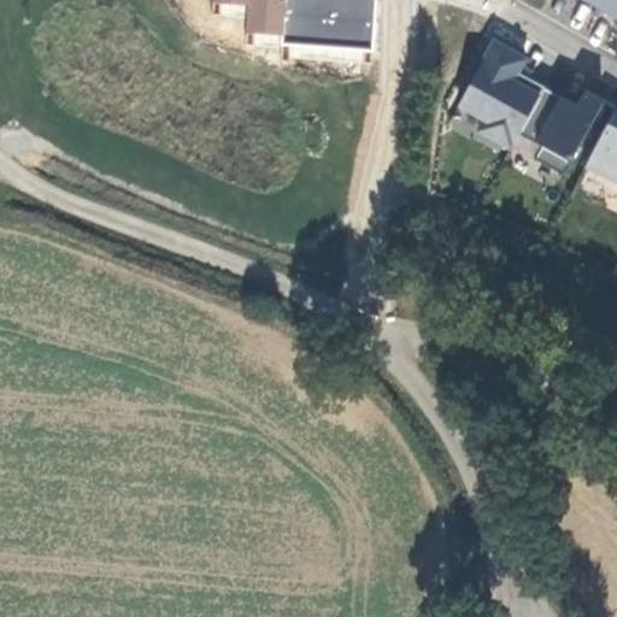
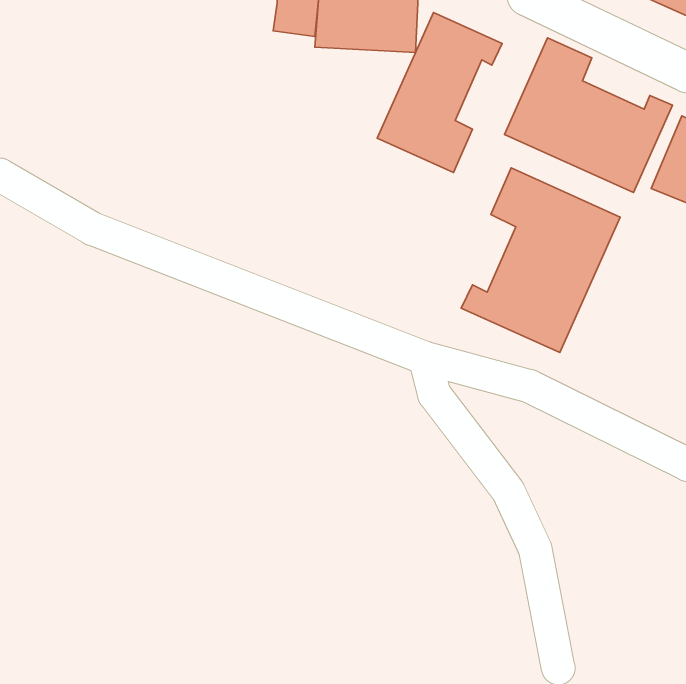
building: none -> [377,12,502,173]
building: none -> [461,168,620,352]

